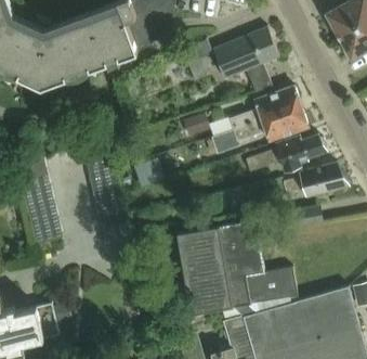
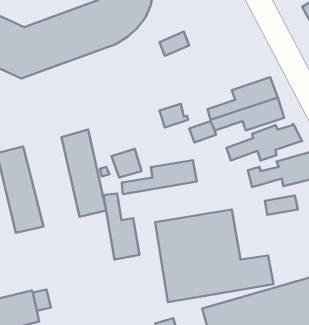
building: [212,26,278,93] -> none
building: none -> [122,160,197,194]
building: none -> [104,194,140,259]

